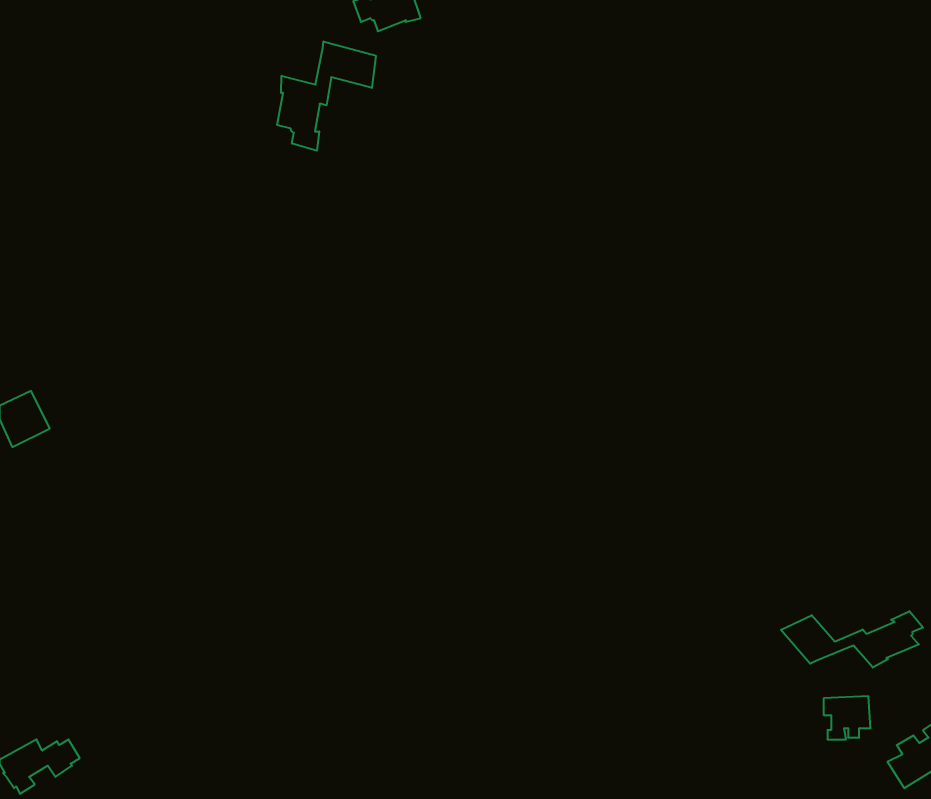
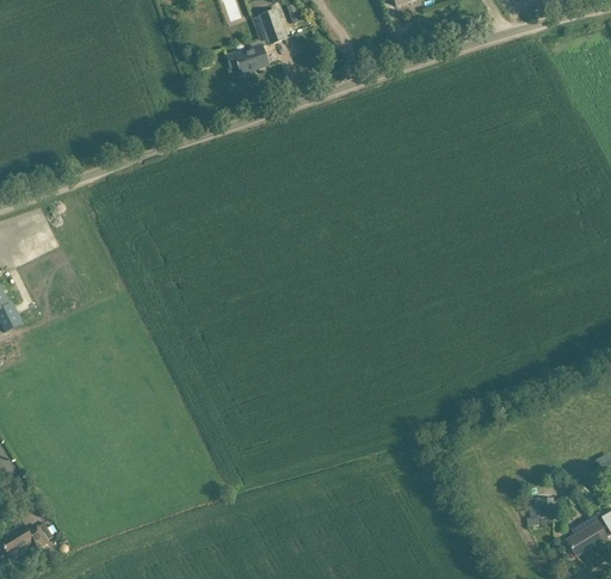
building: [277,41,376,151] -> none
building: [781,611,923,668] -> none

